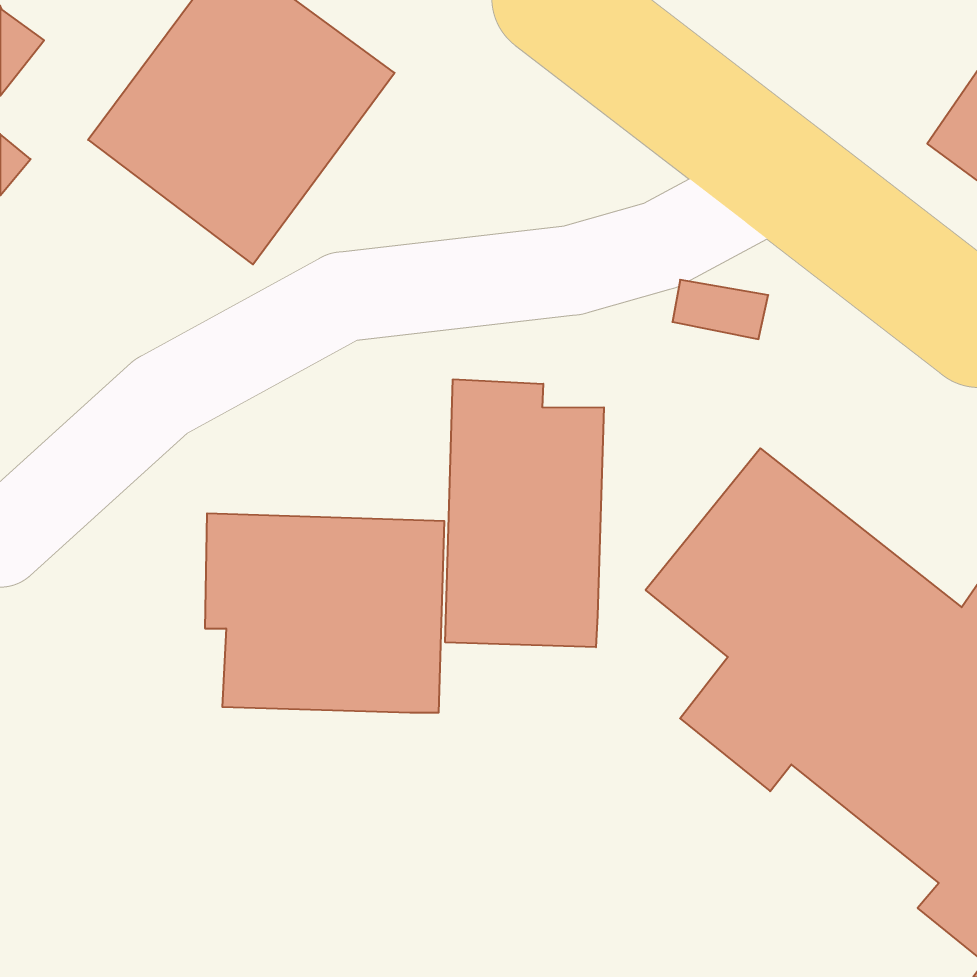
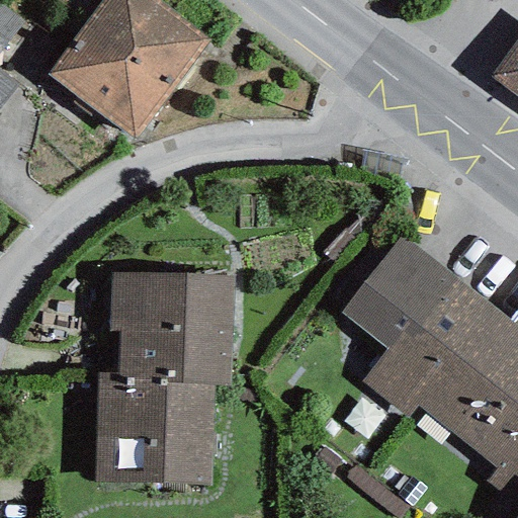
building: [445,379,604,647] -> none
building: none -> [96,372,218,485]

